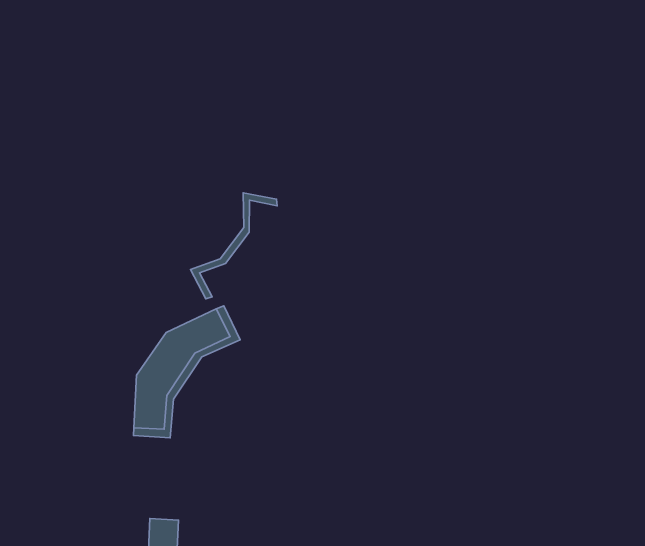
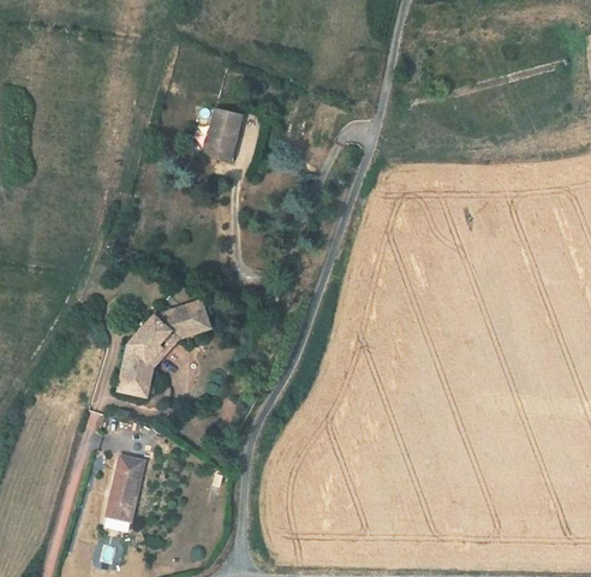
building: none -> [205,109,241,159]
building: [190,193,277,299] -> none

